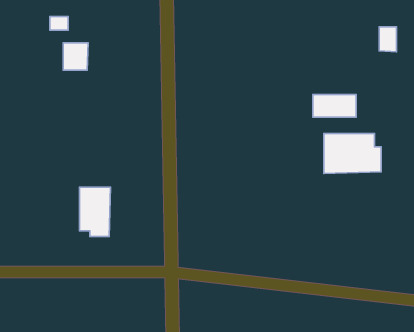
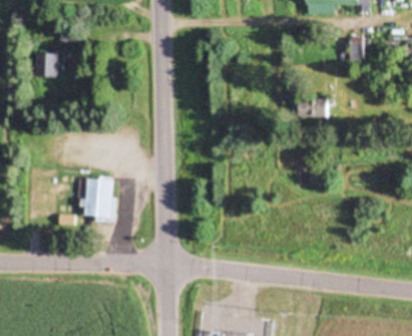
building: [63,43,88,70] -> [38,52,60,76]
building: [324,134,381,173] -> none

